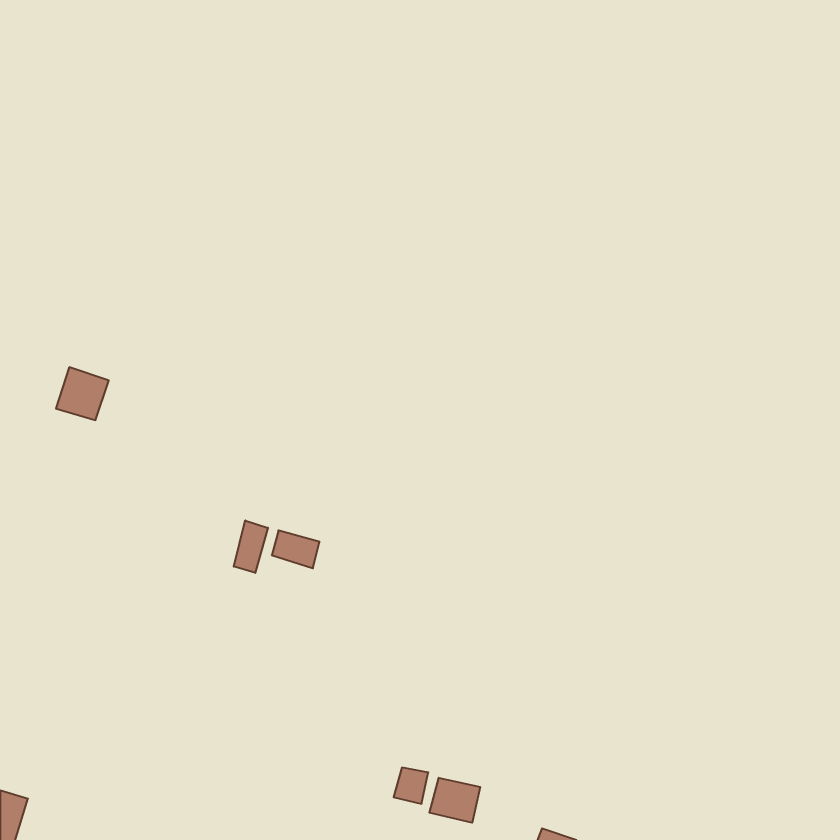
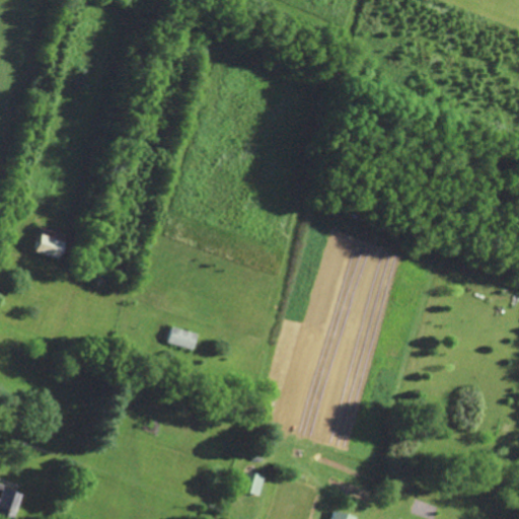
building: [234,520,268,573] -> none
building: [429,778,480,823] -> none

